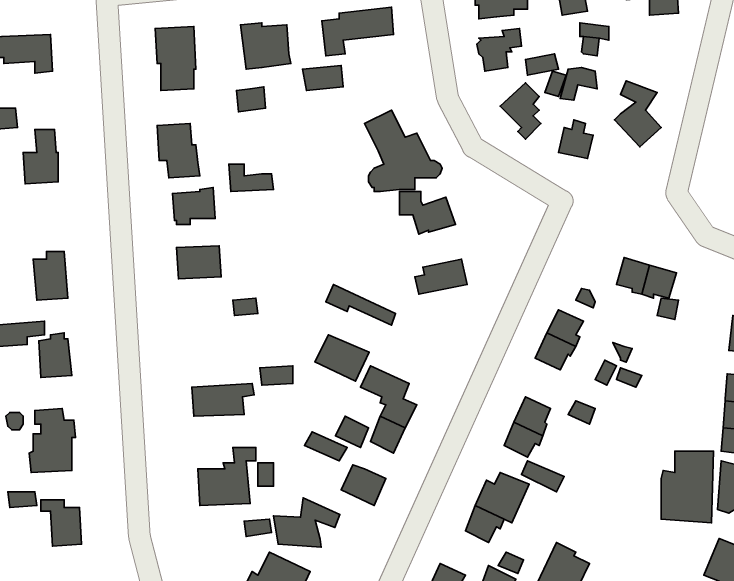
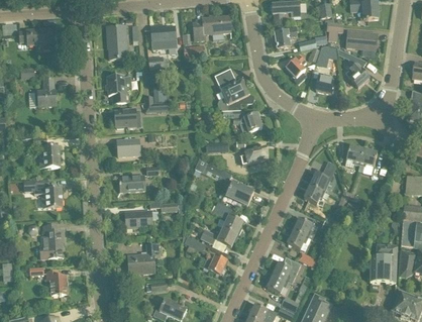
building: none -> [345,29,376,48]
building: none -> [118,175,145,192]
building: [315,335,369,381] -> [225,181,253,205]
building: [273,498,340,547] -> none

